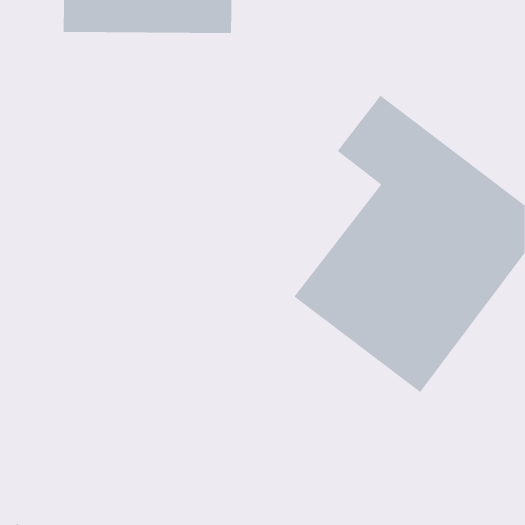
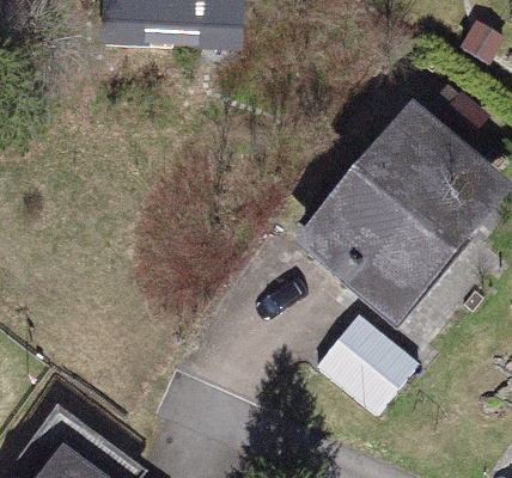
building: none -> [311,318,413,413]

